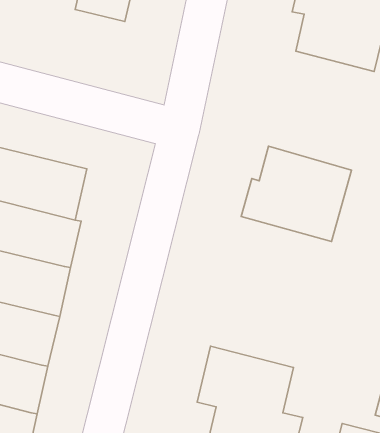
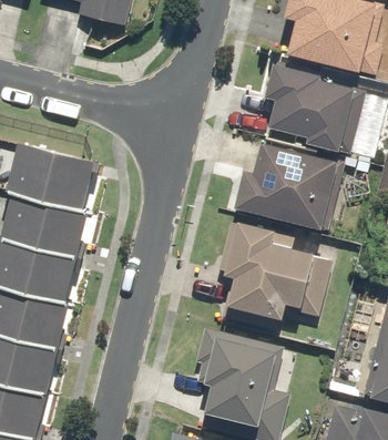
building: none -> [266,61,355,150]
building: none -> [224,222,313,331]

